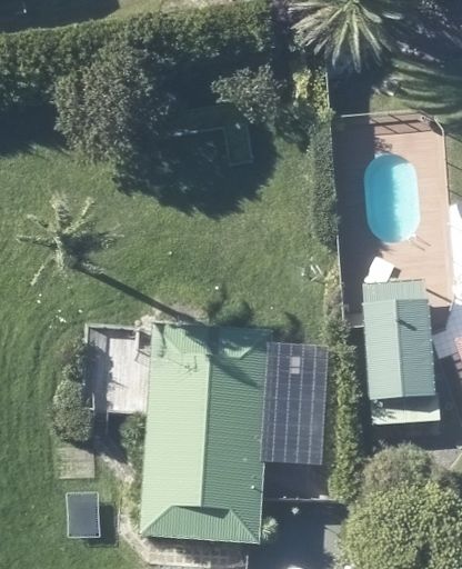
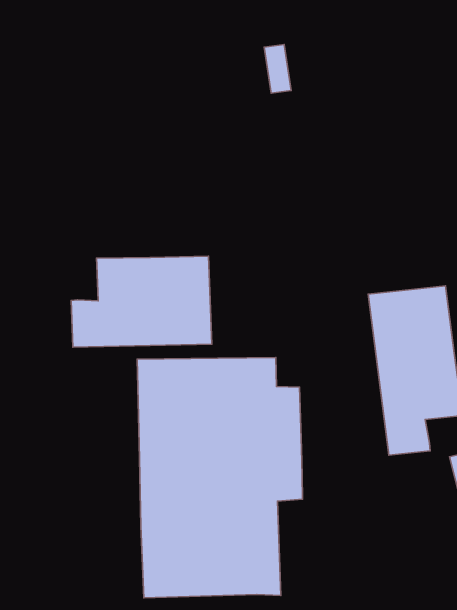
building: none -> [71,256,212,347]

